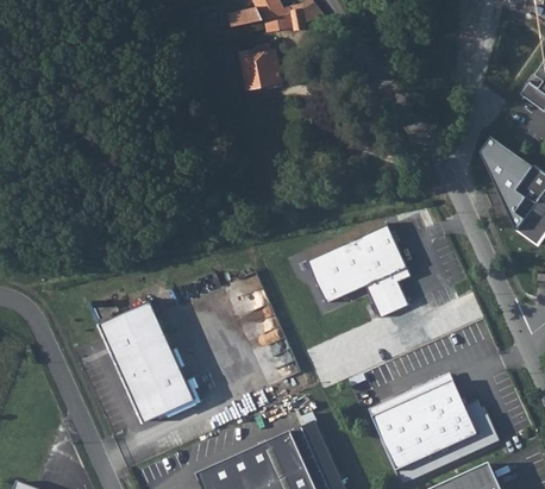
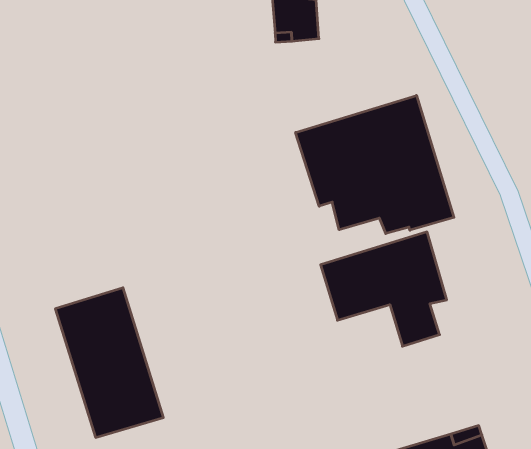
building: none -> [296,95,454,234]

